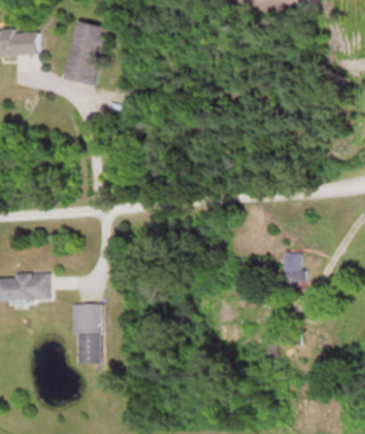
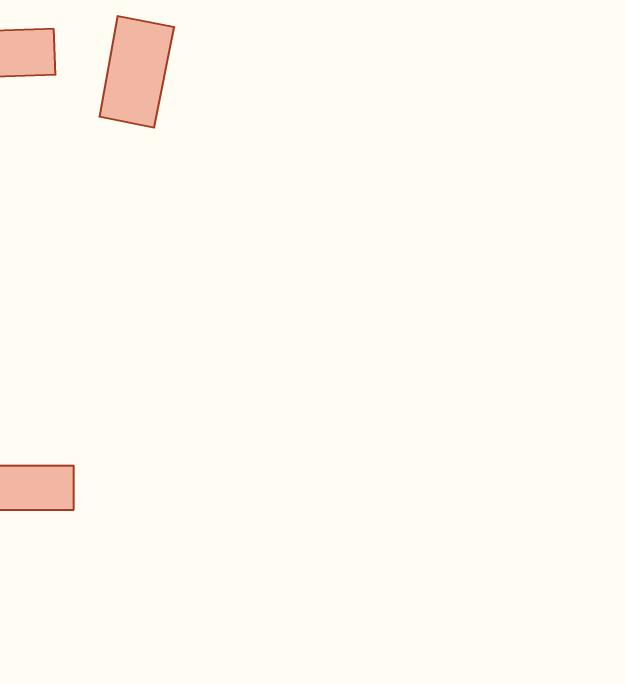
building: [285,254,302,282] -> none
building: [74,304,101,363] -> none

